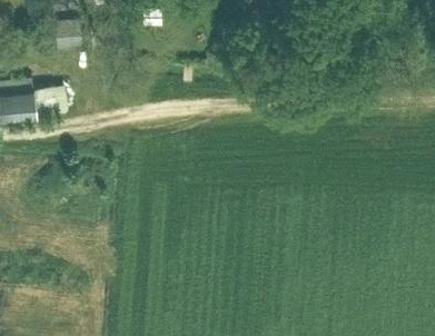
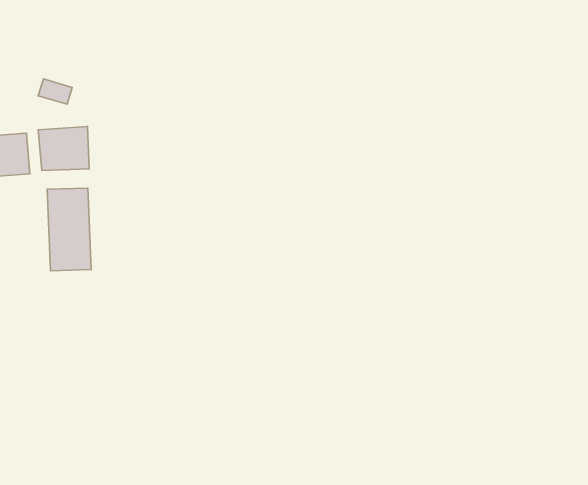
building: none -> [47,188,91,271]

